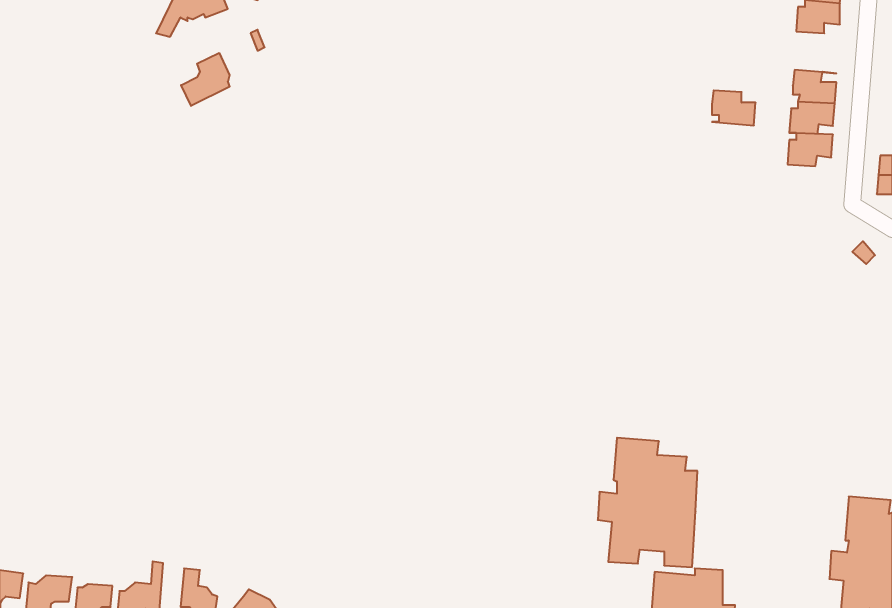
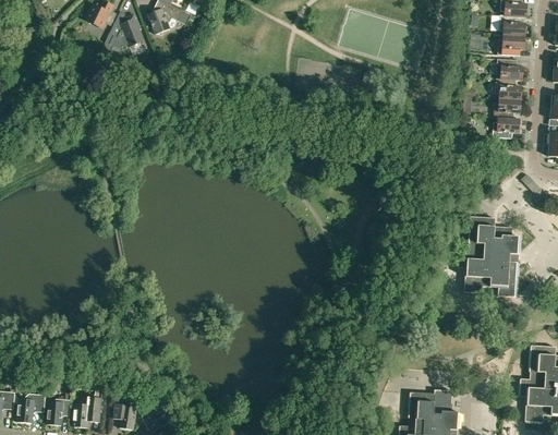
building: [181,53,230,106] -> none
building: [712,90,756,125] -> [496,59,523,81]
building: [598,438,697,567] -> [457,216,519,297]

